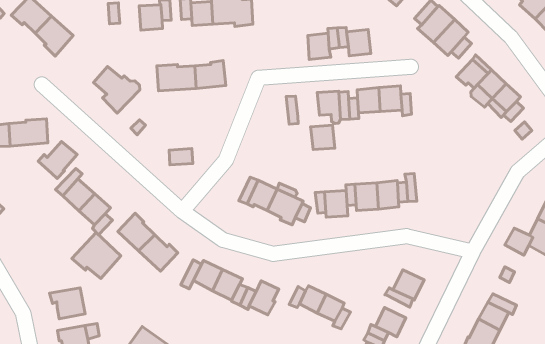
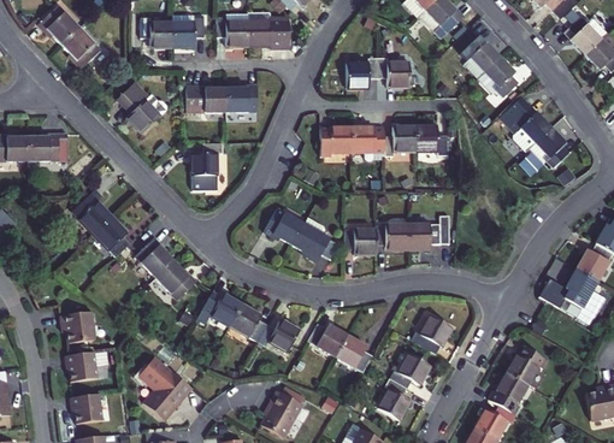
building: none -> [150,22,172,47]
building: none -> [194,143,223,175]
building: [311,125,335,150] -> [330,124,354,148]
building: [38,142,77,178] -> none
building: [72,233,121,279] -> none

